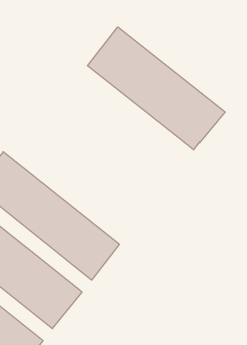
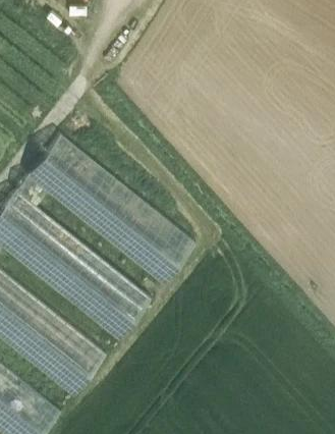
building: [87,27,225,150] -> none
building: none -> [25,134,196,285]

